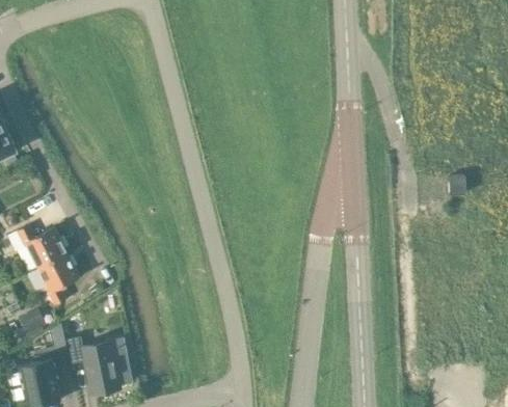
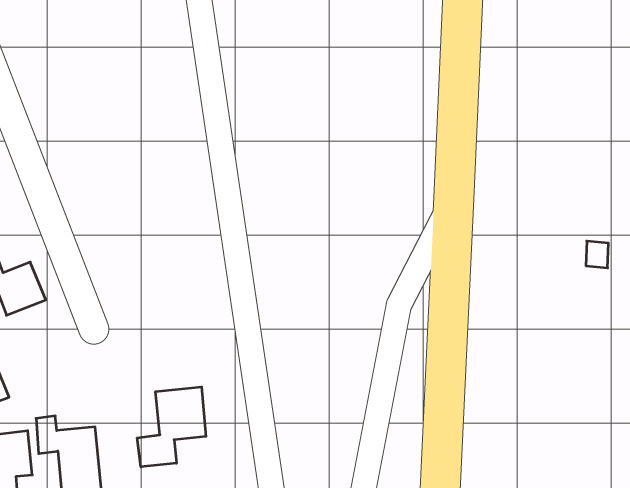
building: [39,254,78,305] -> none
building: none -> [137,387,206,467]

